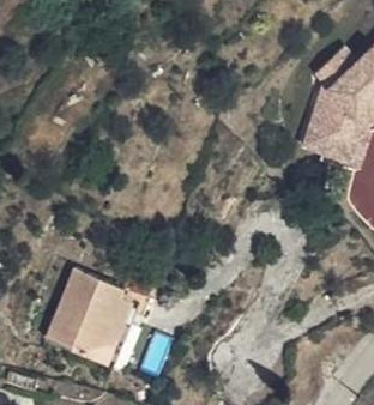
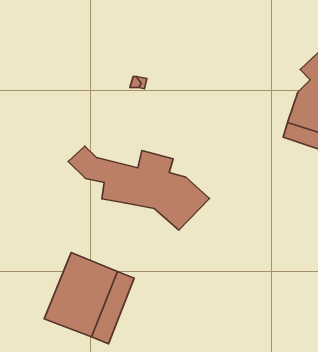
building: none -> [68,146,209,230]

